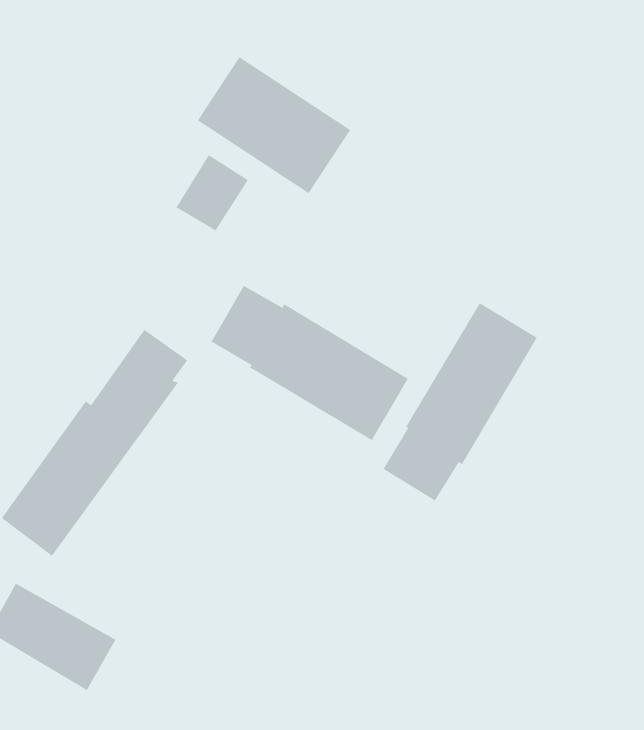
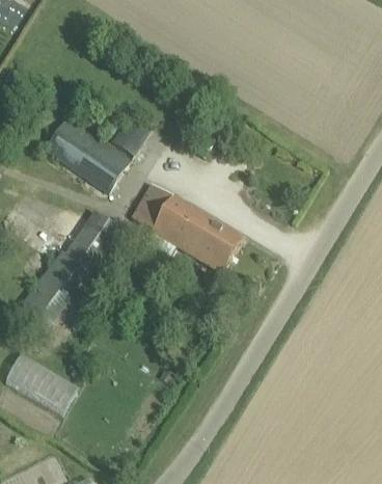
building: [197,56,351,194] -> [45,116,132,194]
building: [383,302,538,502] -> none

